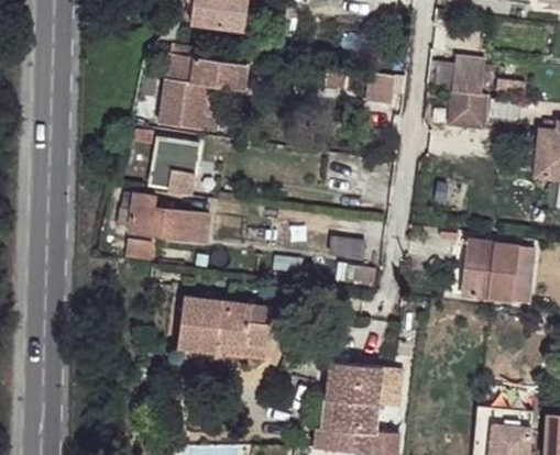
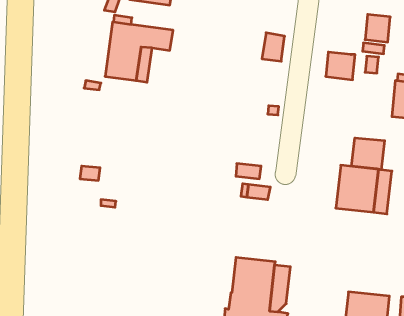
building: [451,59,484,96] -> [365,14,390,42]
building: [149,138,199,193] -> none
building: [118,193,209,242] -> none
building: none -> [352,138,385,170]
building: [177,297,272,359] -> none

